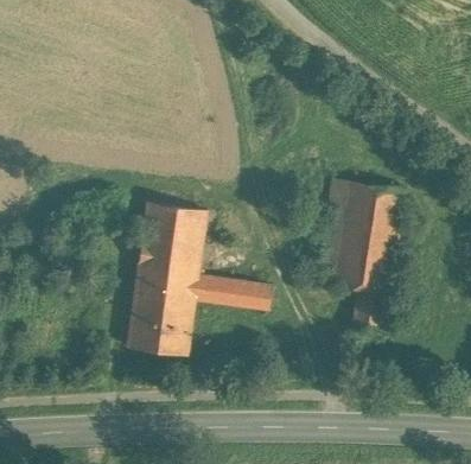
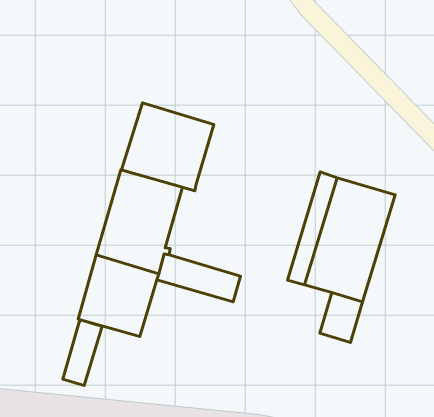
building: none -> [122,103,214,191]
building: none -> [63,320,102,386]

